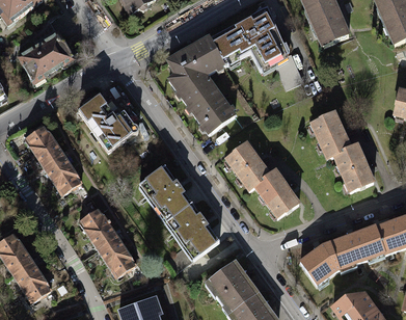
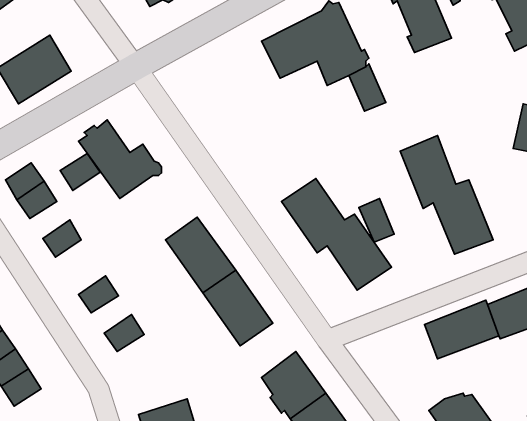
building: [166,37,233,133] -> none
building: none -> [359,198,394,242]
building: [42,154,71,181] -> [60,153,100,191]
building: [86,222,115,249] -> none
building: [299,243,337,284] -> none
building: [105,250,134,277] -> none

